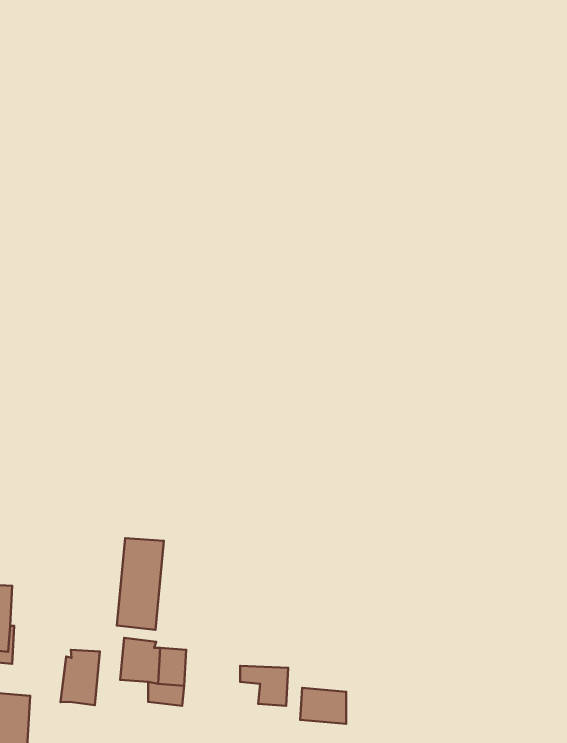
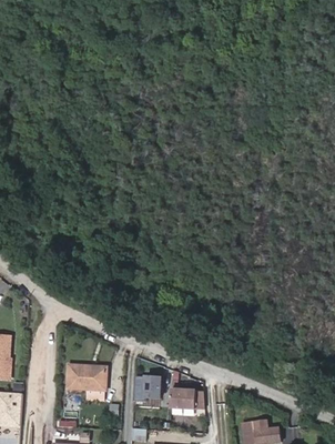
building: [117,538,164,630] -> none
building: [61,650,100,705] -> none

